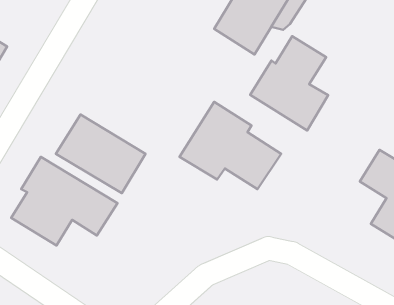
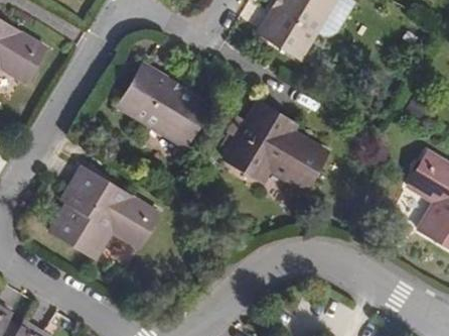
building: [250,36,328,130] -> none
building: [56,114,146,193] -> [116,65,207,145]

